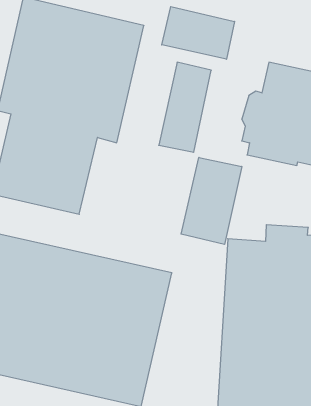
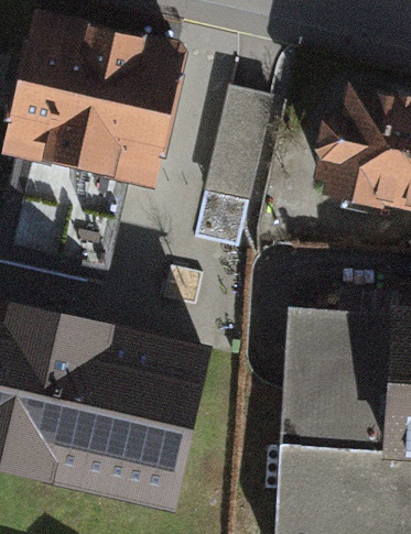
building: [162,7,235,59] -> none
building: [181,157,242,244] -> none

